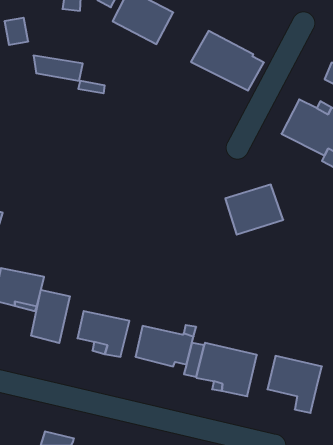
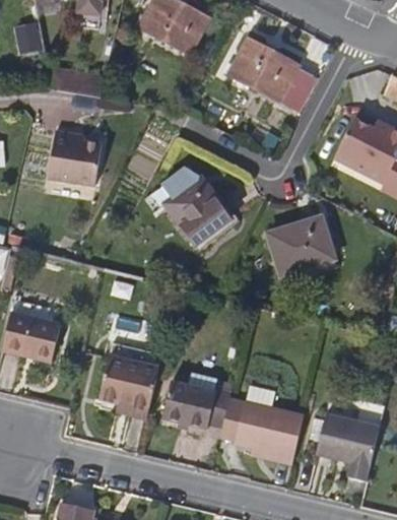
building: none -> [46,133,102,191]
building: none -> [162,168,228,242]
building: [31,290,70,343] -> none

